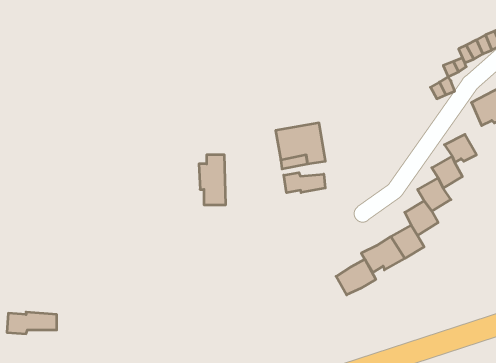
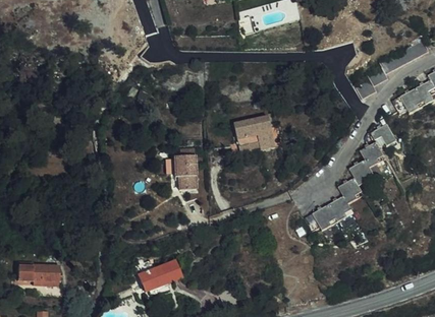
building: [284,173,325,193] -> none
building: [336,259,376,295] -> none
building: none -> [138,261,184,293]

